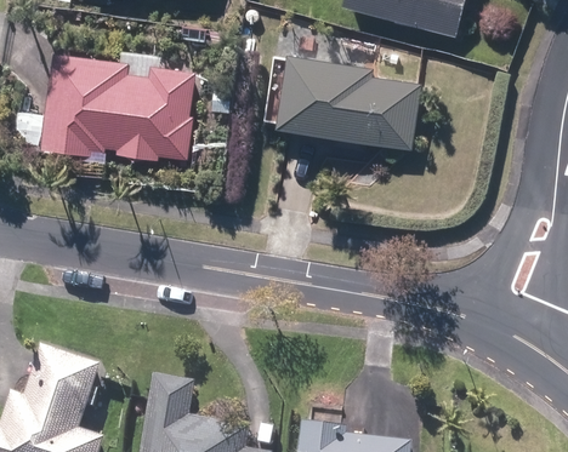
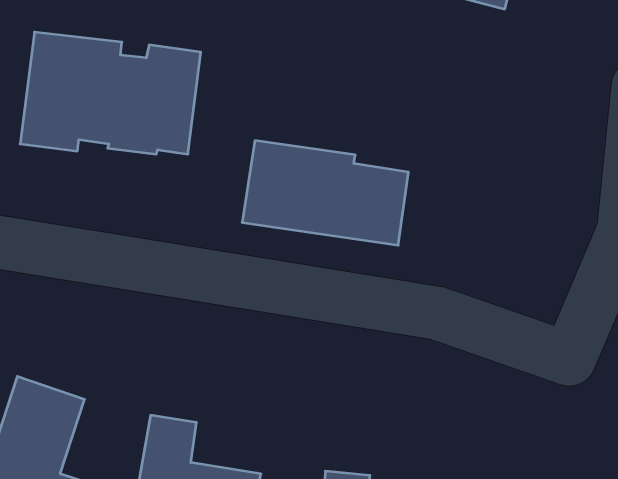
building: [277,59,418,148] -> [242,141,408,245]

